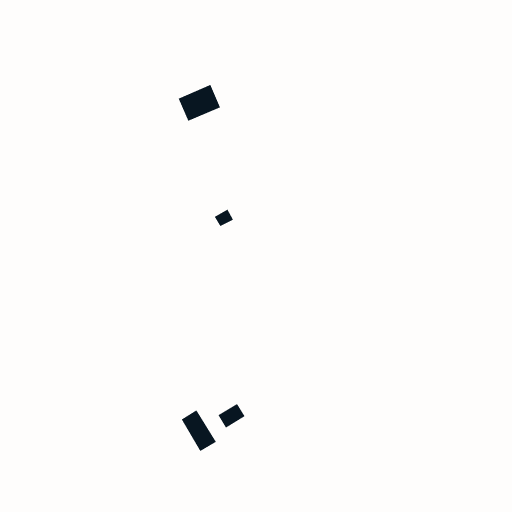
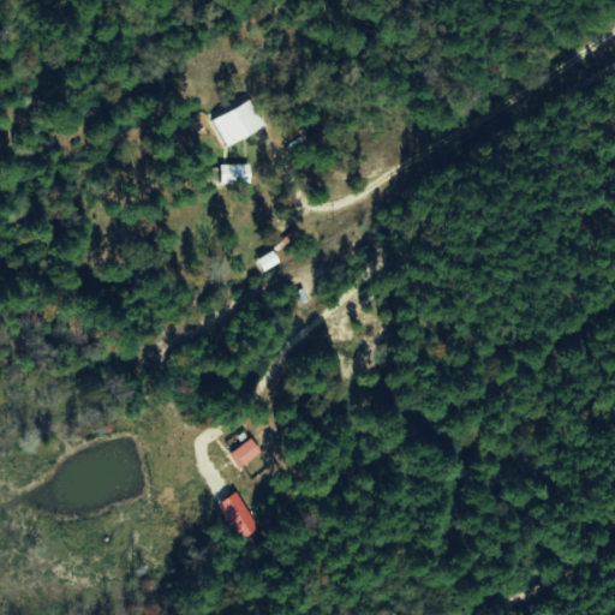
building: none -> [221,163,250,184]
building: [217,403,246,428] -> [228,438,262,468]

